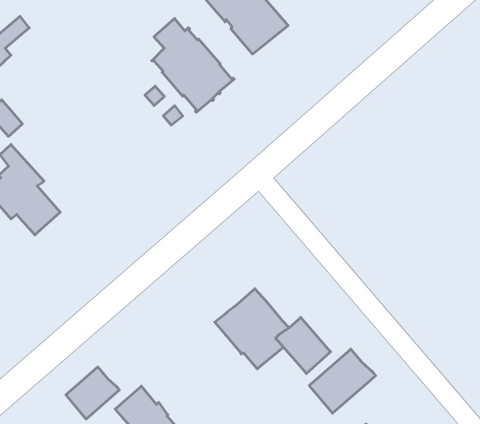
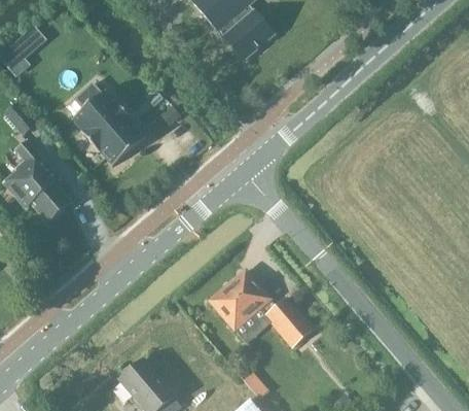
building: [152,18,234,112] -> [72,82,146,167]
building: [309,349,376,413] -> none
building: [66,367,119,419] -> none

